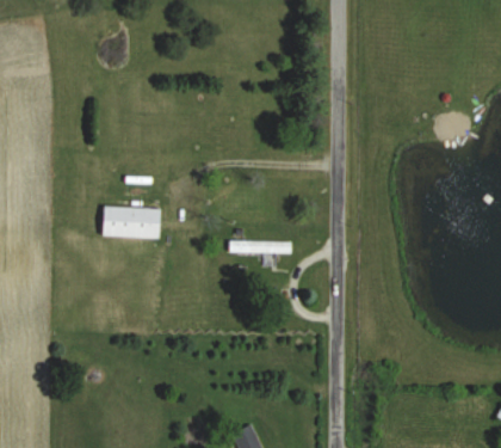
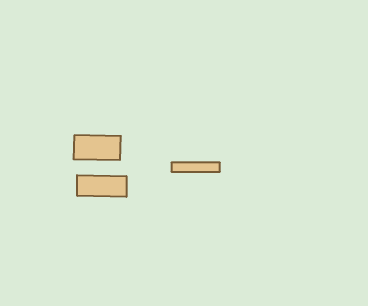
building: none -> [77,175,126,197]

